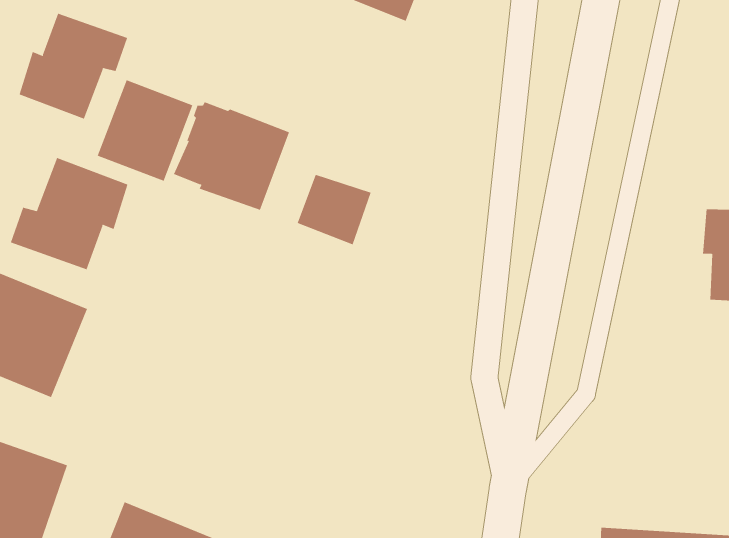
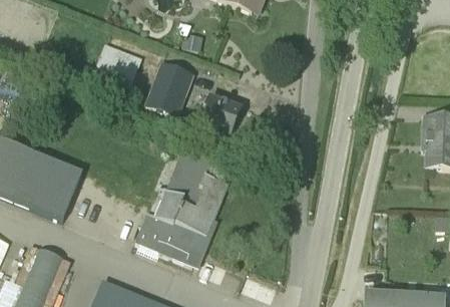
building: [19,13,128,120] -> none
building: [10,157,128,270] -> none
building: none -> [134,148,228,267]

